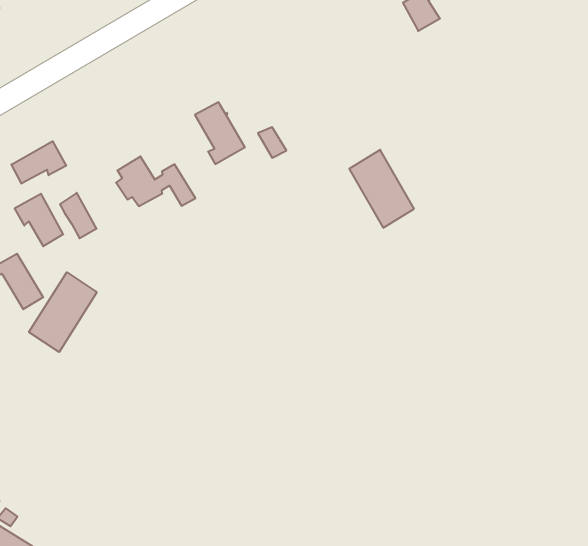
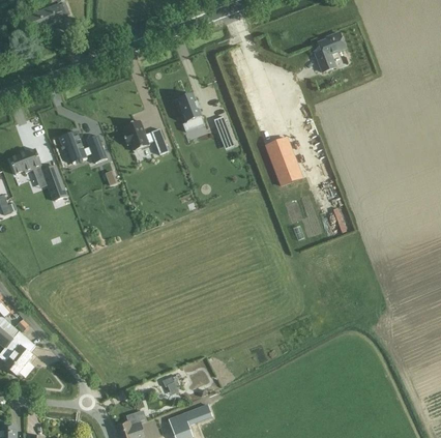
building: [11,141,66,184] -> none
building: [29,272,97,352] -> none

